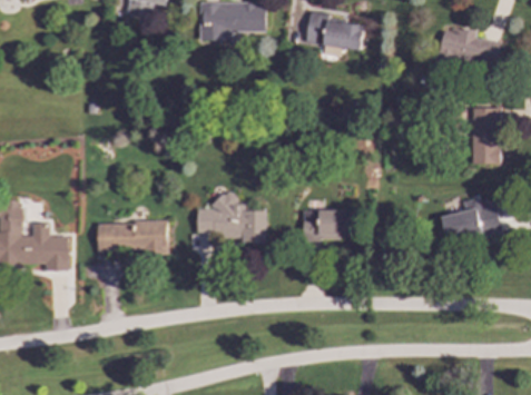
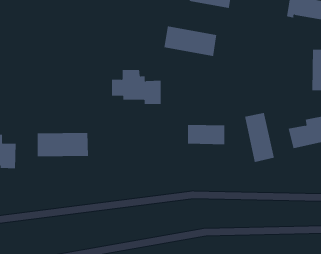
building: none -> [164,26,217,57]
building: none -> [244,112,274,163]
building: [197,195,266,243] -> [111,70,162,104]

